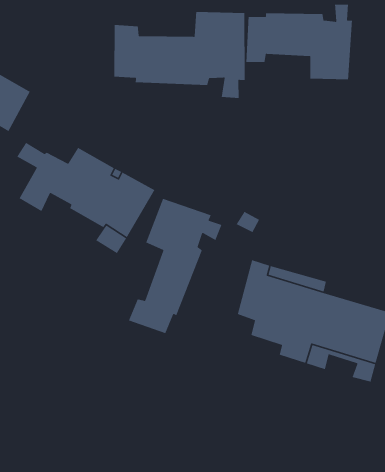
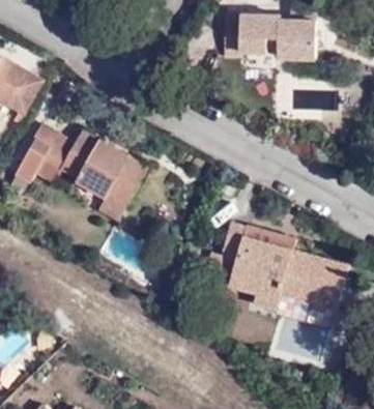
building: [113,11,245,99] -> none
building: [128,198,223,334] -> none

